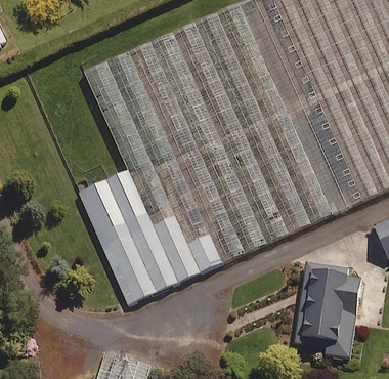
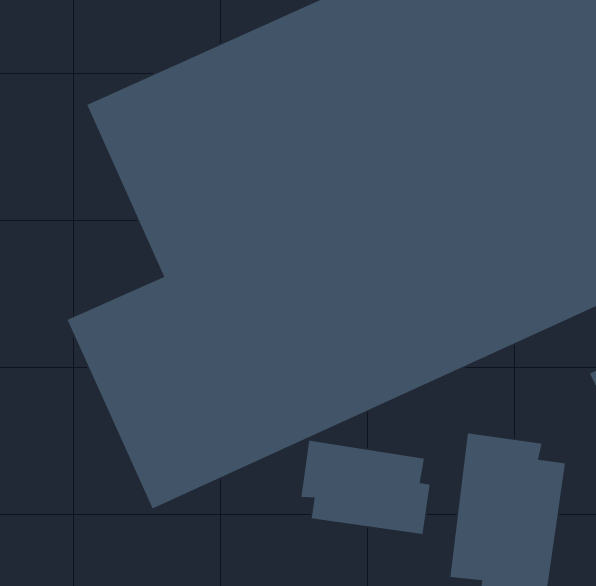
building: none -> [301,440,431,535]

